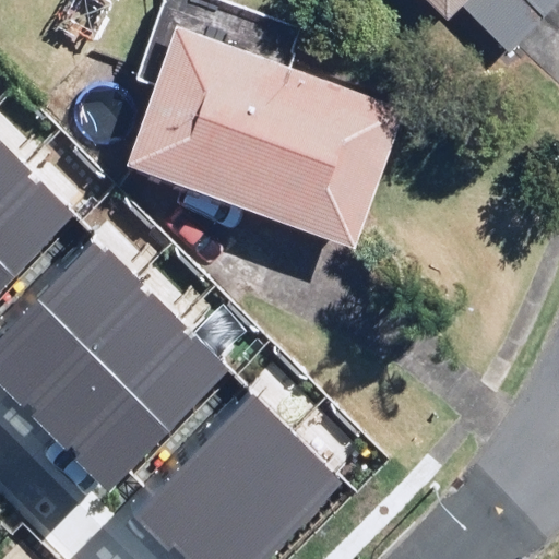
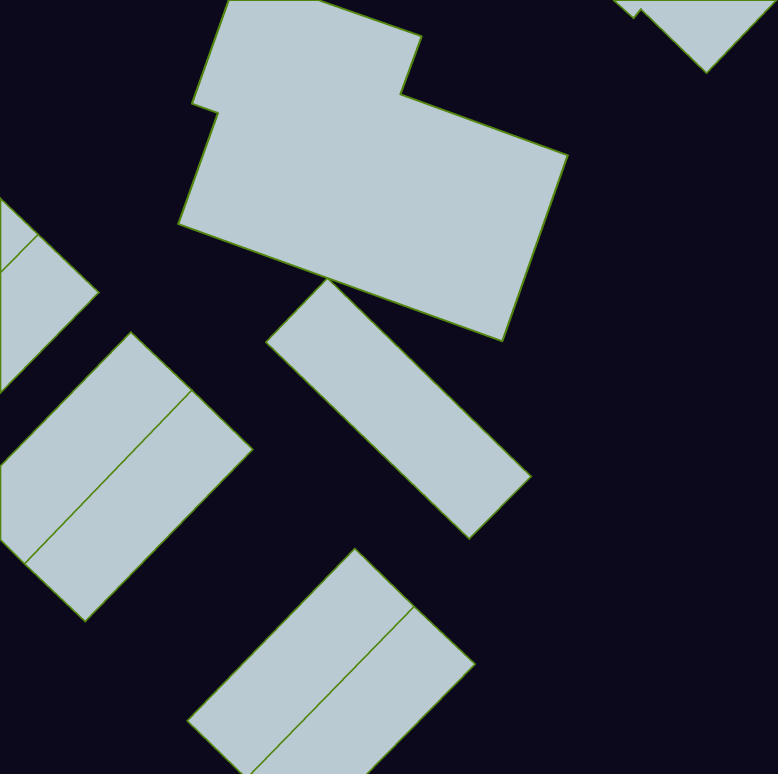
building: none -> [266,278,531,539]
building: [61,325,224,490] -> none

